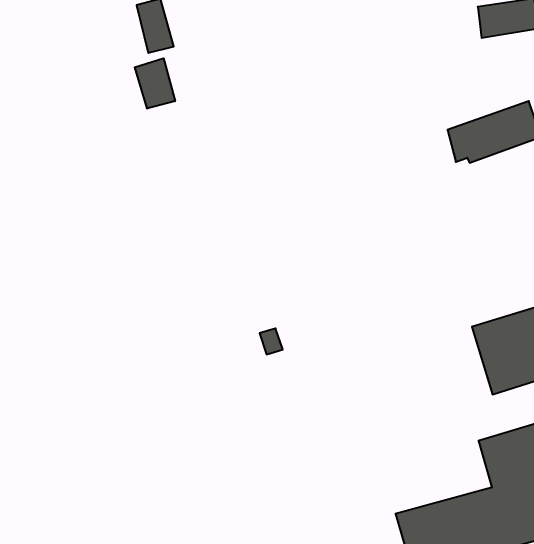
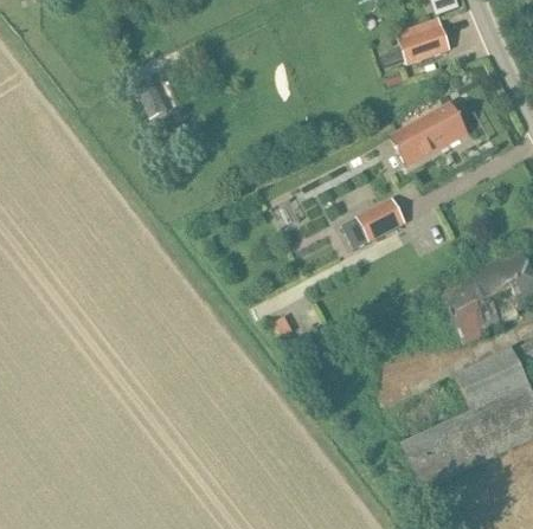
building: [135,58,175,109] -> none
building: none -> [357,195,406,240]

